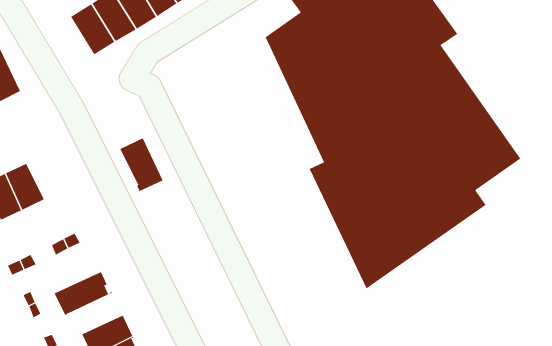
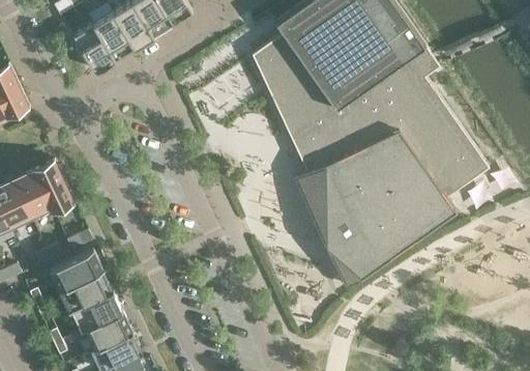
building: [120,138,164,192] -> [33,162,73,211]
building: none -> [50,250,102,291]
building: none -> [71,291,122,332]

